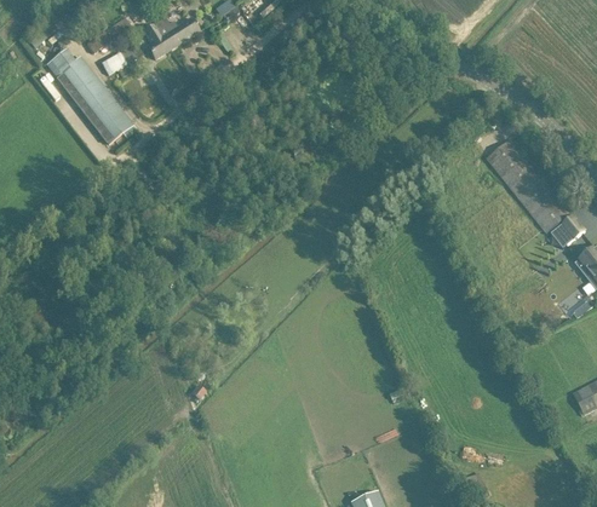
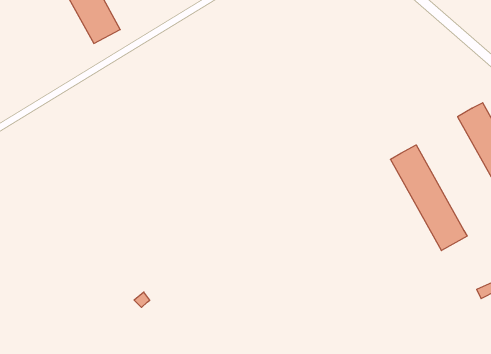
building: none -> [390,145,467,251]

